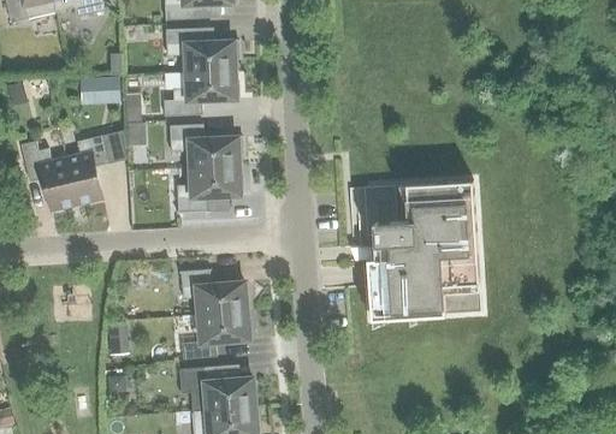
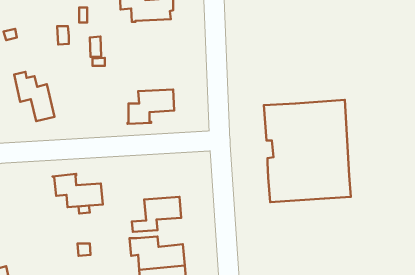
building: [165,69,237,115] -> none
building: [170,124,244,167] -> none
building: [66,135,109,202] -> none
building: [179,269,248,315] -> [53,174,103,207]

